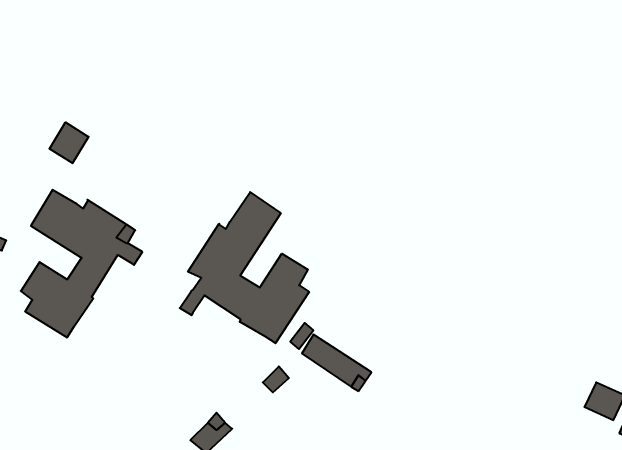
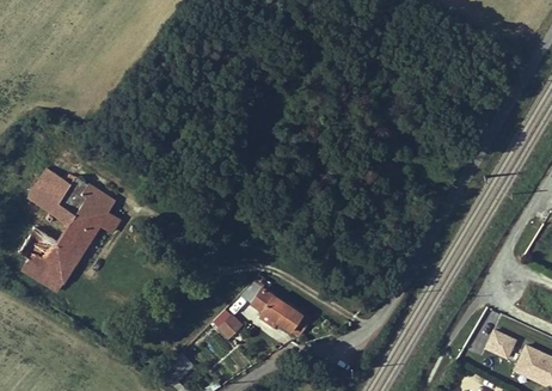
building: [49,122,89,163] -> none
building: [180,192,309,343] -> none

